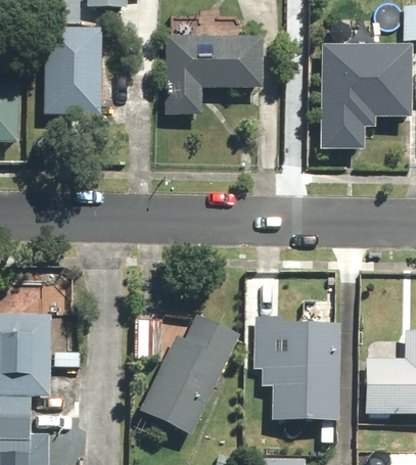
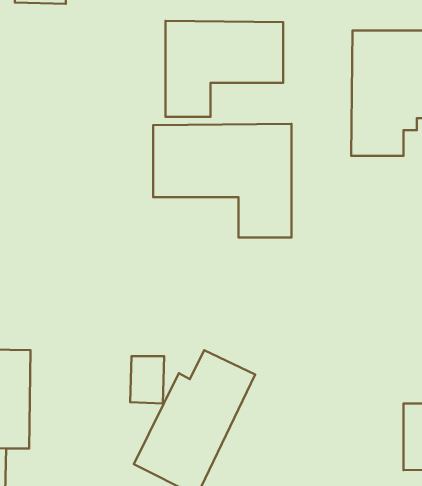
building: [45,27,102,118] -> none
building: none -> [153,124,291,237]
building: [252,315,340,419] -> none

